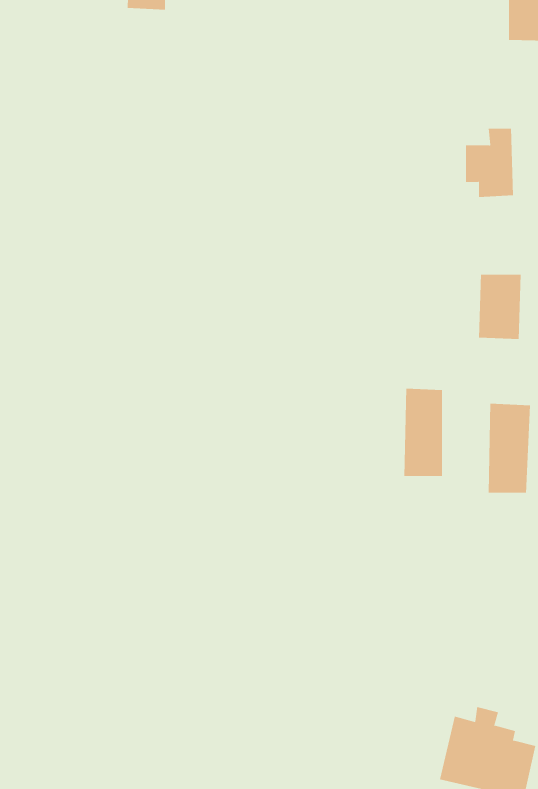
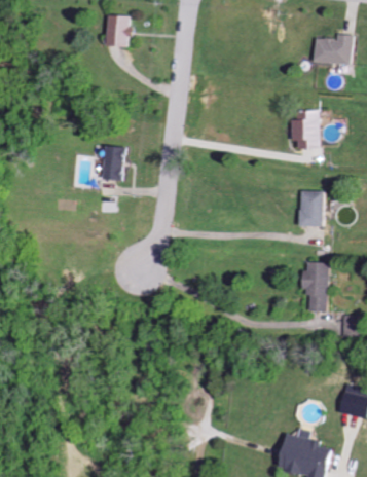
building: none -> [94,145,125,181]
building: [404,388,443,477] -> none

